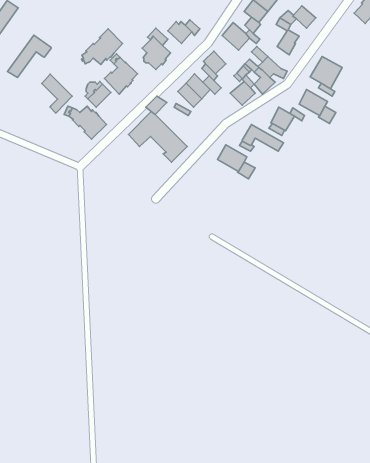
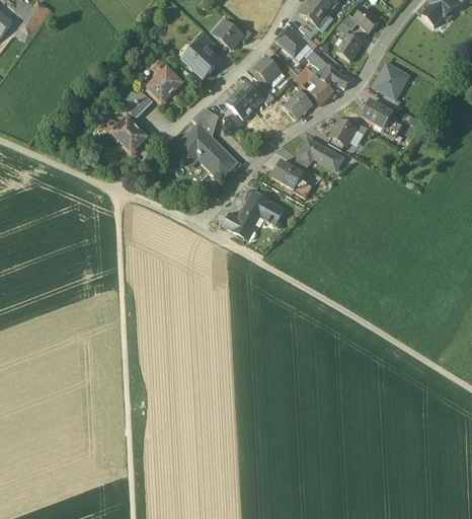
building: [82,29,123,65] -> none
building: [8,35,51,78] -> none
building: [42,74,72,113] -> none
building: none -> [223,192,283,238]

